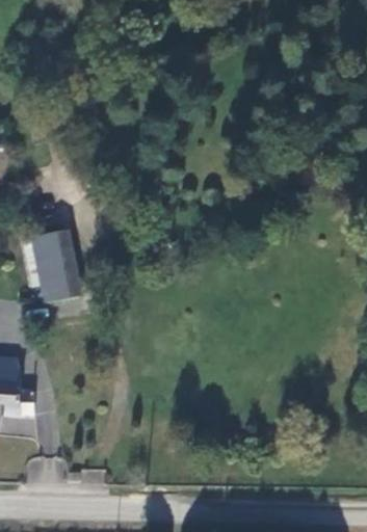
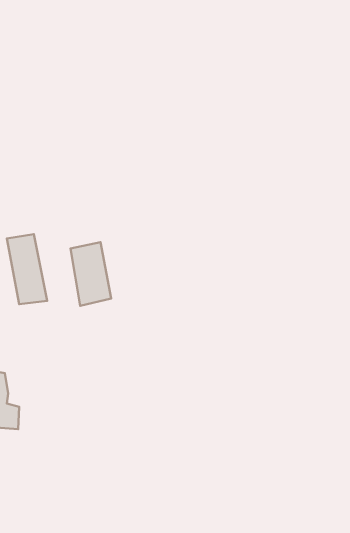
building: none -> [71,242,111,306]

